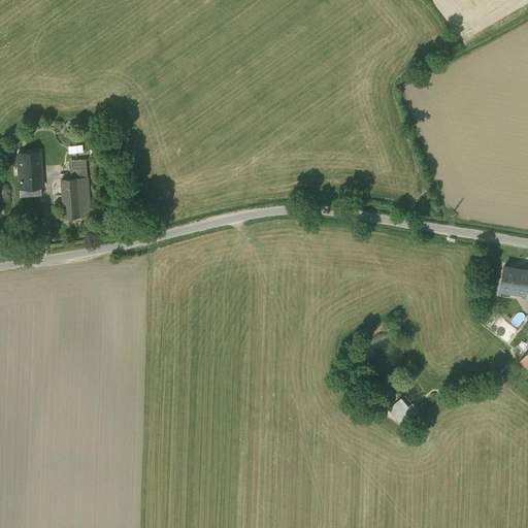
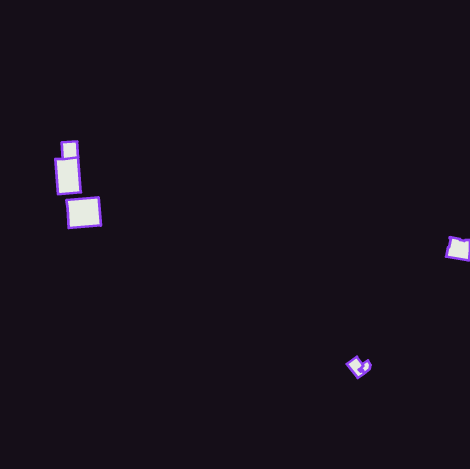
building: [19,153,42,197] -> none
building: none -> [67,197,101,228]

